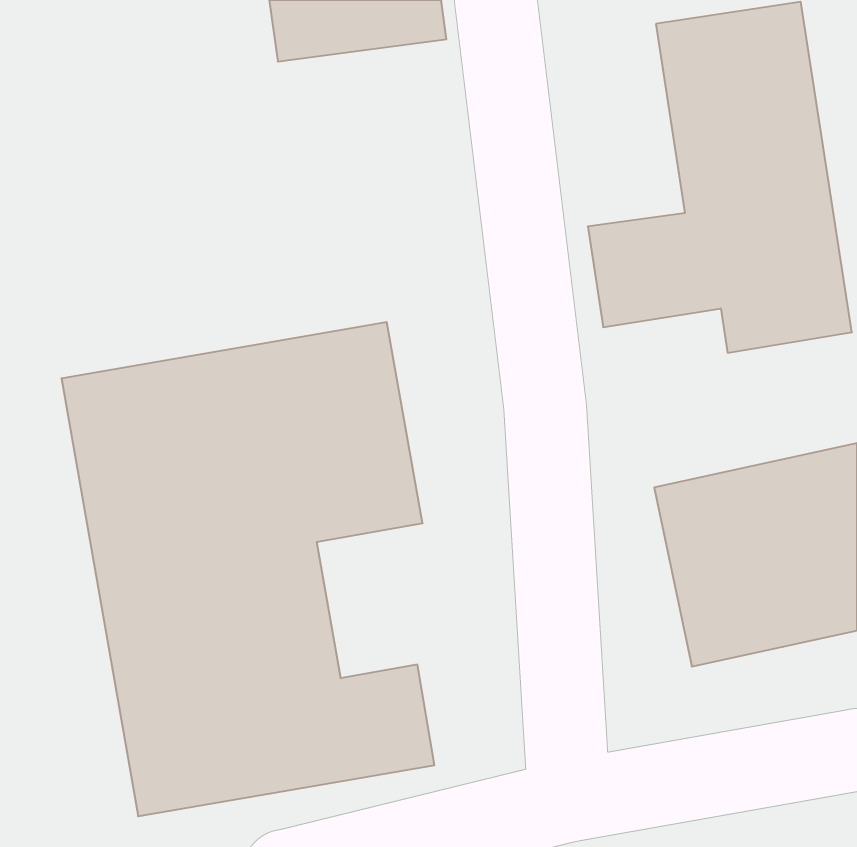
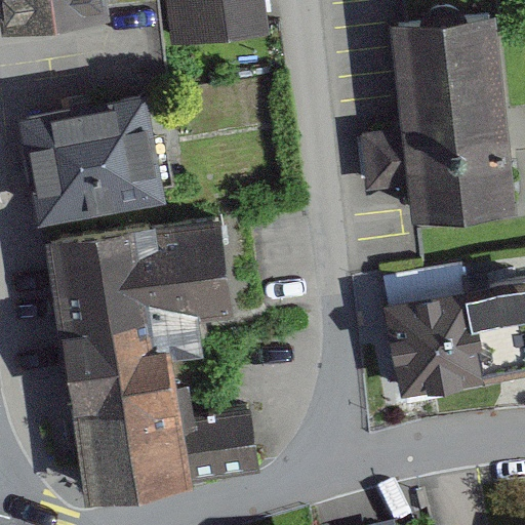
building: none -> [17,90,193,223]

